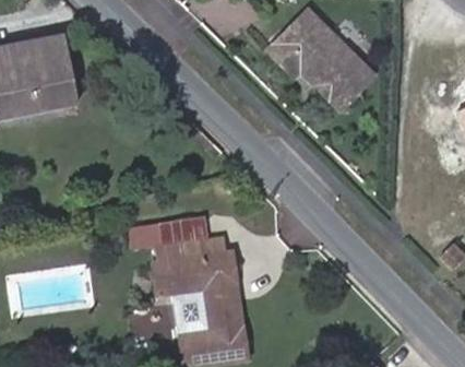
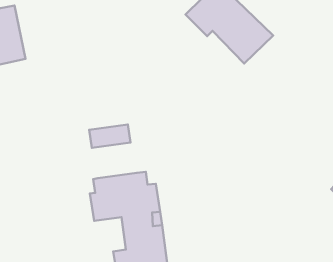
building: [158,216,208,245] -> [89,124,131,148]

